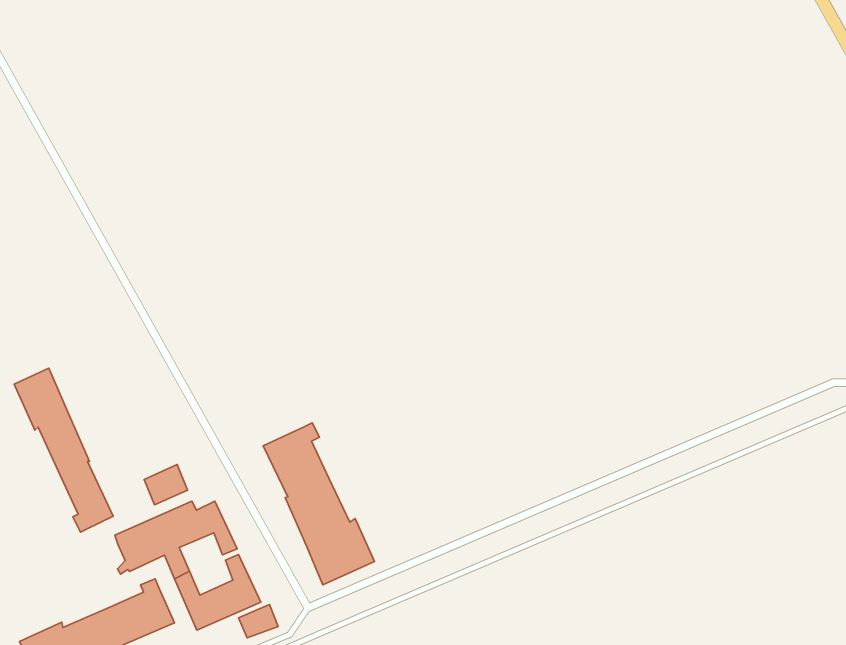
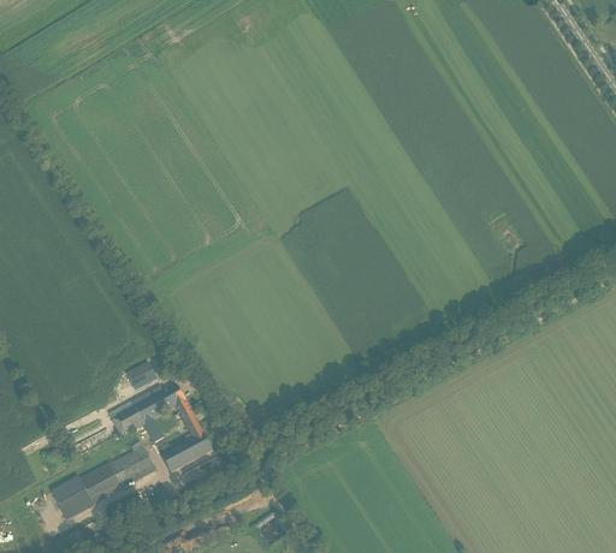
building: [14,368,113,532] -> none
building: [263,423,375,585] -> none

